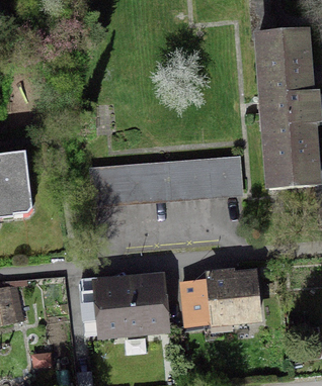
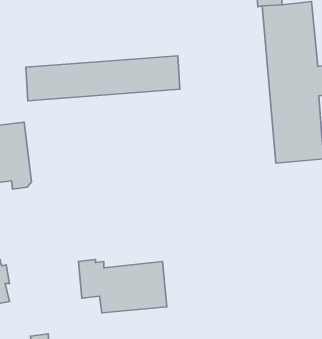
building: [91,158,240,201] -> [26,56,180,101]
building: [182,273,257,324] -> none

